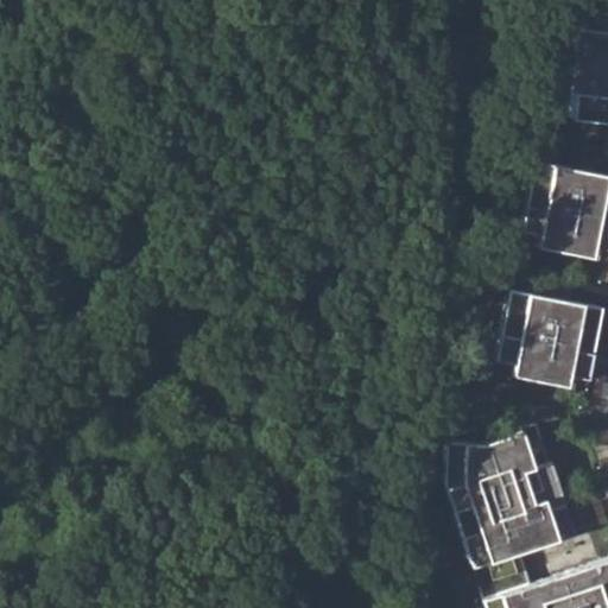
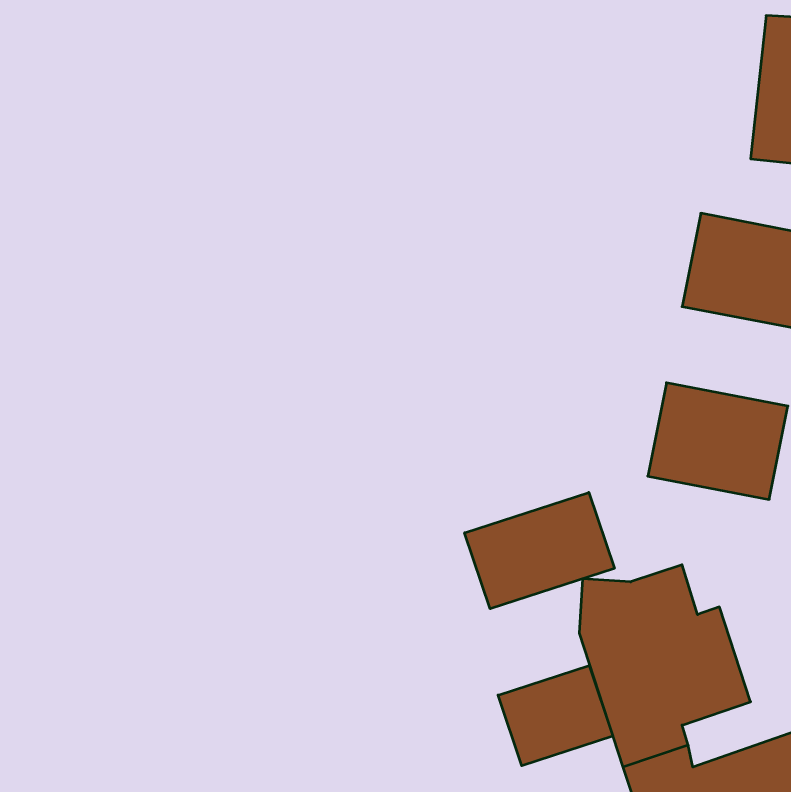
building: none -> [465,492,614,609]
building: none -> [498,665,613,766]

